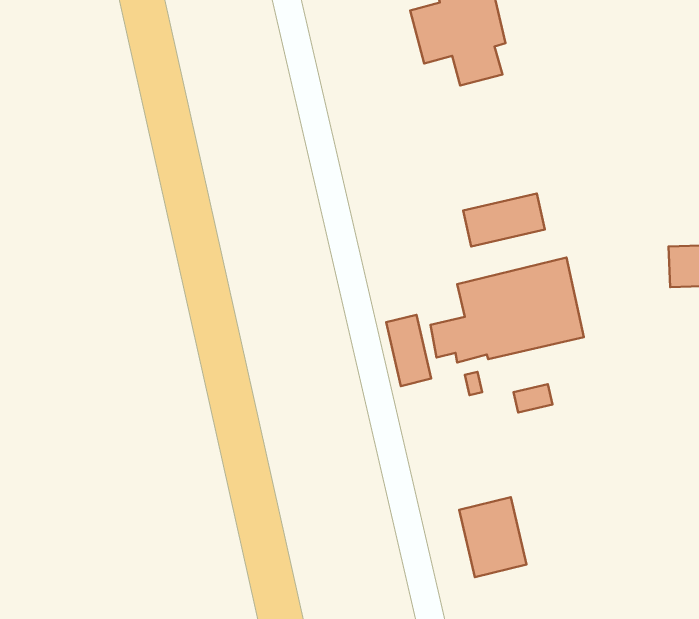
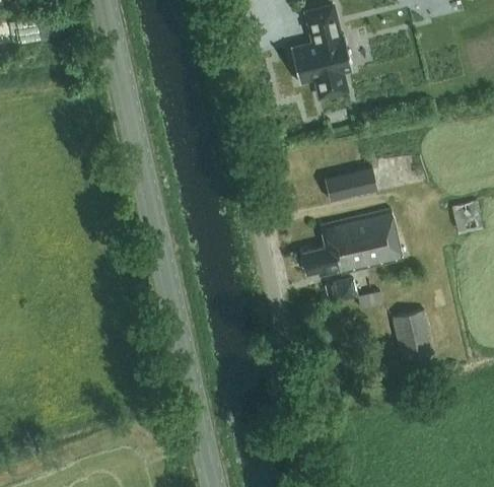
building: [386,315,431,386] -> none
building: [459,497,526,577] -> [392,310,435,362]

